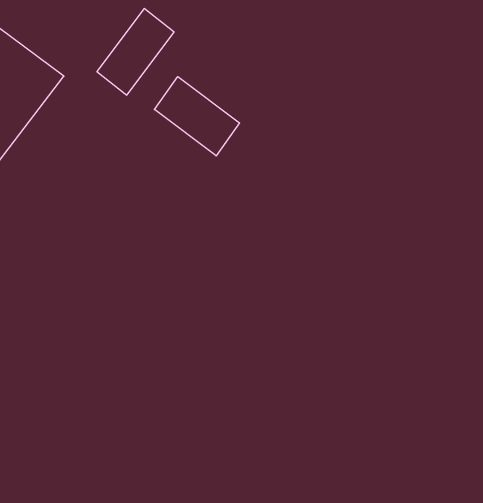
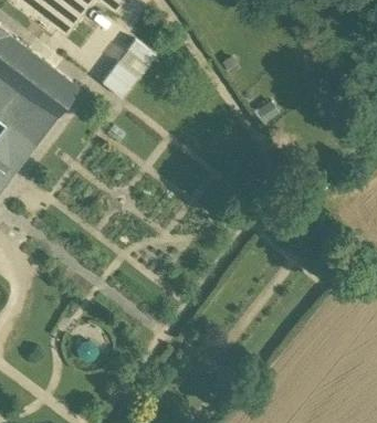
building: [154,77,240,156] -> none

